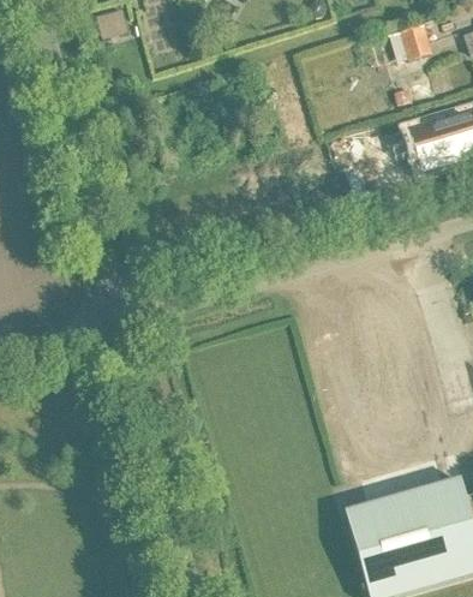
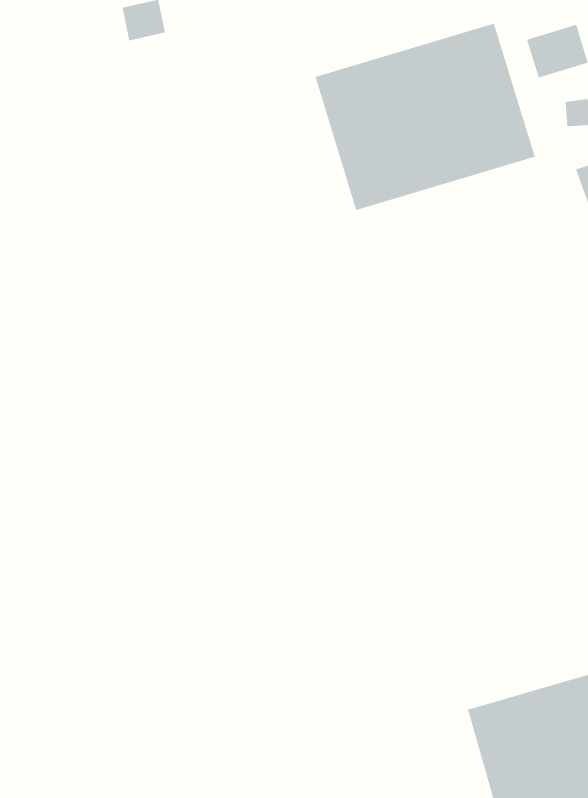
building: none -> [315,23,535,211]

